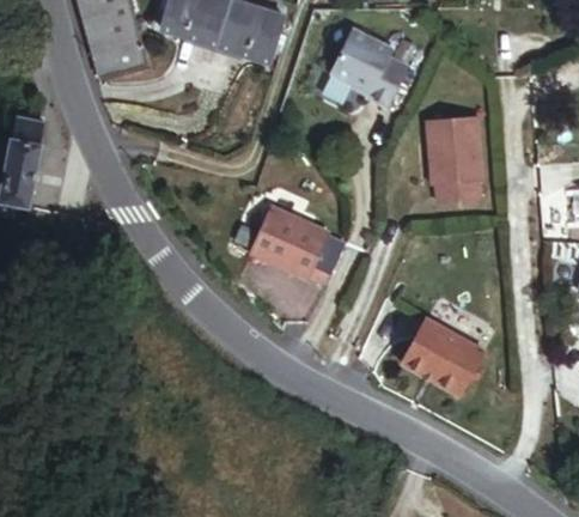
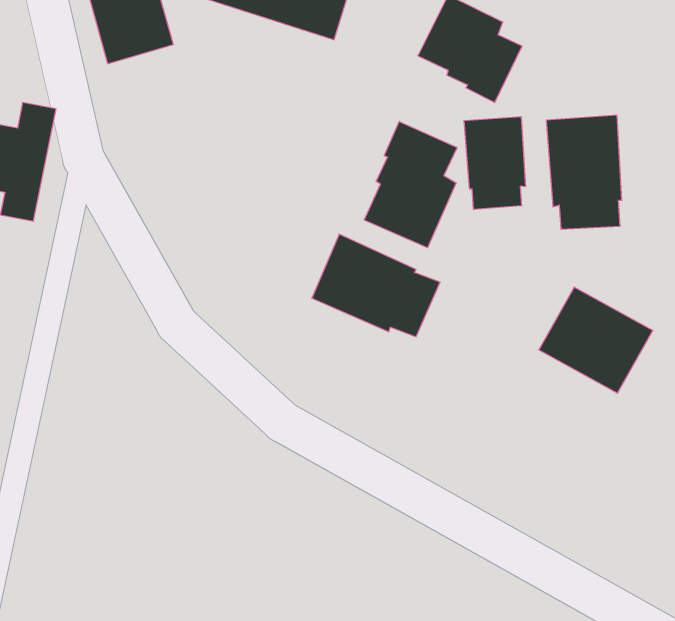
building: none -> [464,117,526,210]
building: none -> [364,121,457,248]
building: [400,318,484,397] -> [539,287,653,393]

